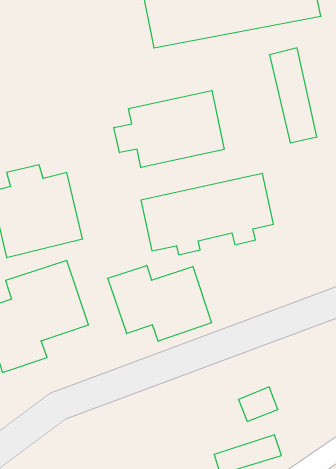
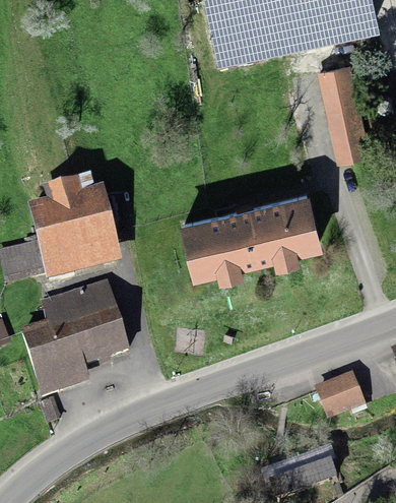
building: [114,90,224,168] -> none
building: [108,265,211,341] -> none
building: [238,387,278,421] -> [318,376,358,412]

